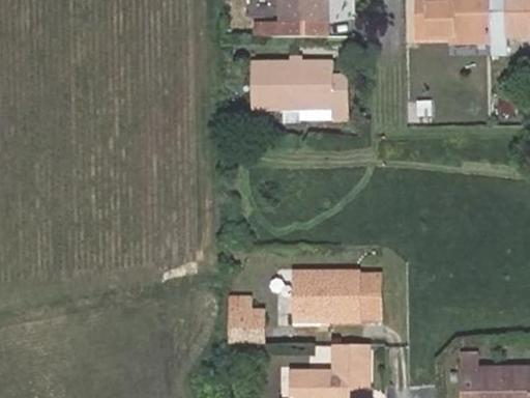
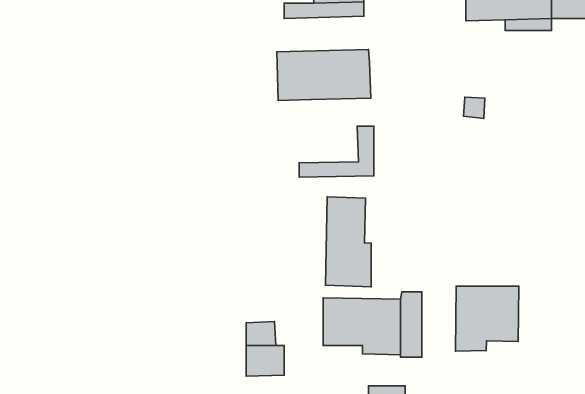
building: [282,68,347,113] -> [299,126,374,177]
building: none -> [326,197,371,287]
building: none -> [455,286,519,351]

